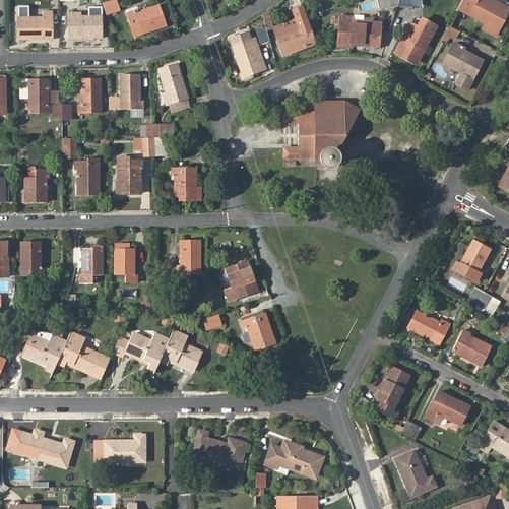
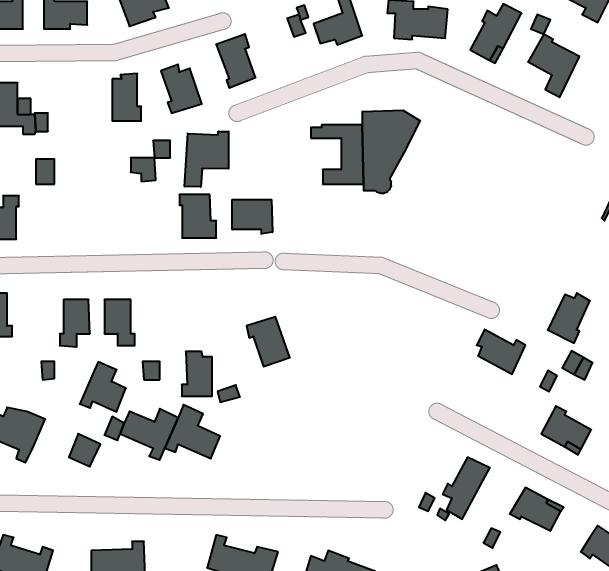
building: [231,37,261,78] -> [216,34,256,88]
building: [76,78,101,113] -> none
building: none -> [185,131,229,187]
building: [73,158,98,194] -> none
building: [119,158,142,194] -> none
building: none -> [232,200,272,234]
building: [177,240,200,274] -> [182,352,212,396]
building: [240,309,270,346] -> none
building: [409,309,447,343] -> [477,329,525,374]
building: [58,330,93,369] -> [80,362,126,412]

